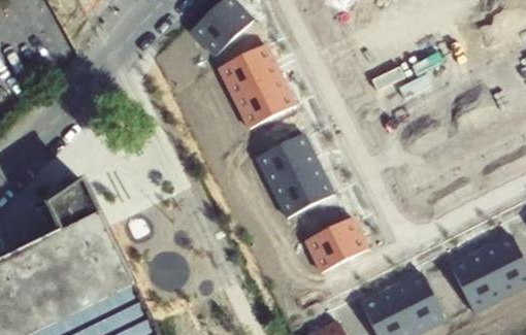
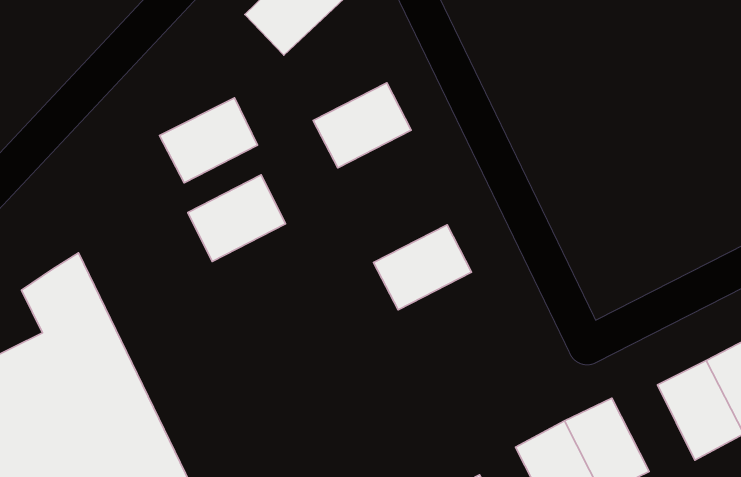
building: [216,43,277,97] -> [160,98,257,183]
building: [254,132,316,187] -> [188,175,286,262]
building: [303,216,366,271] -> none

